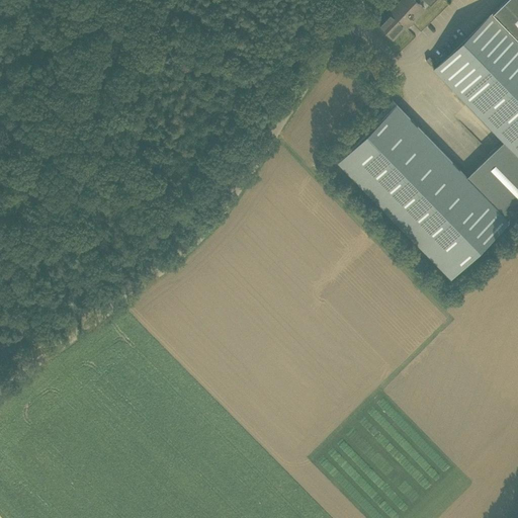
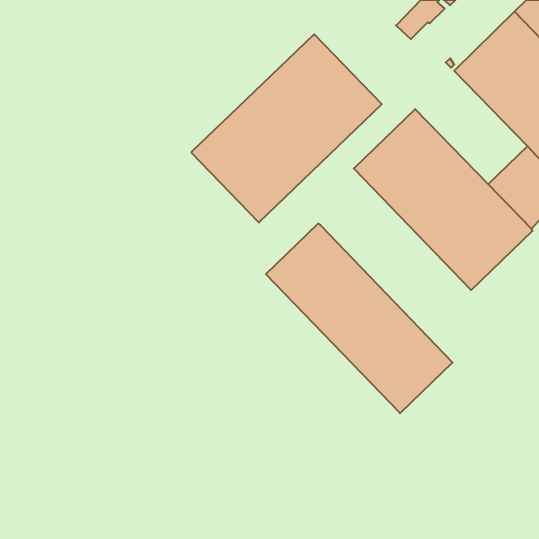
building: none -> [192,34,382,223]
building: none -> [266,224,453,413]

